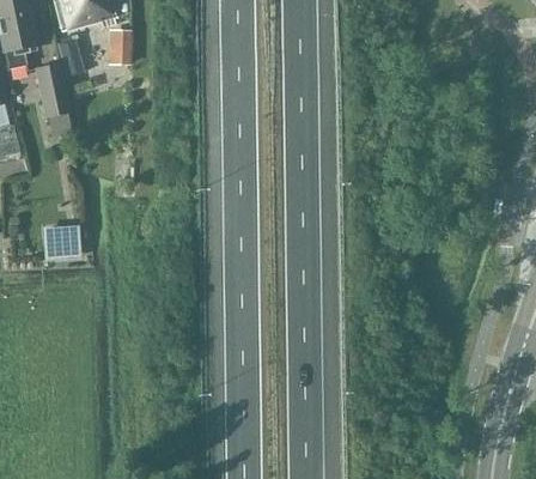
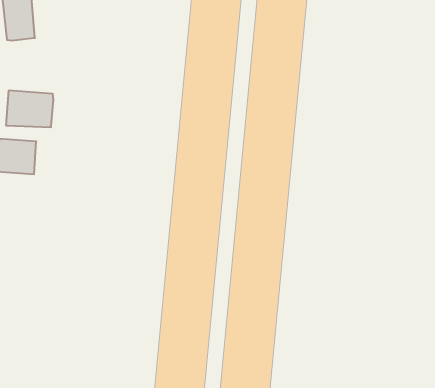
building: none -> [6,90,53,127]

